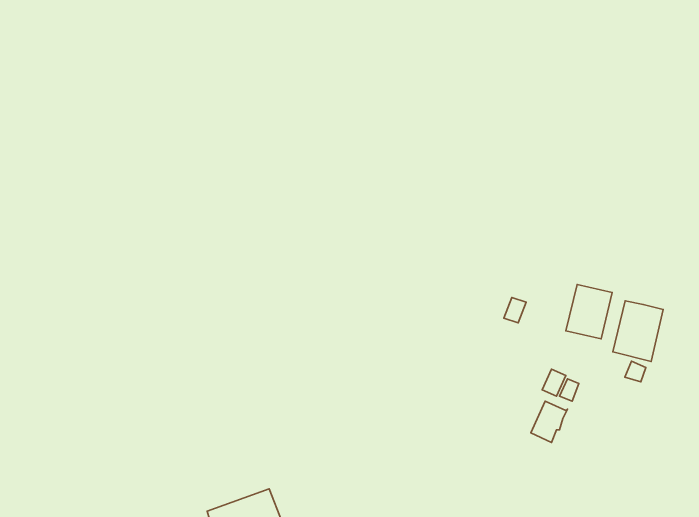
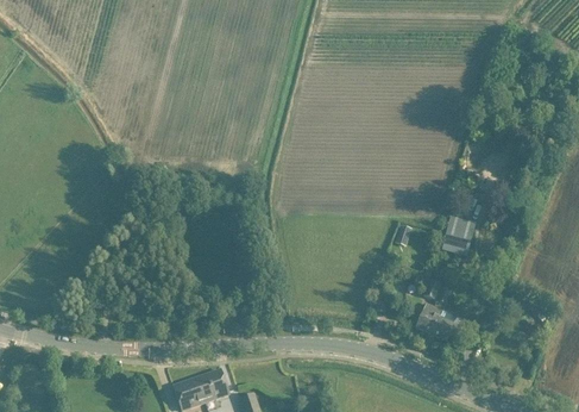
building: [613,301,663,362] -> none
building: none -> [429,310,464,341]

